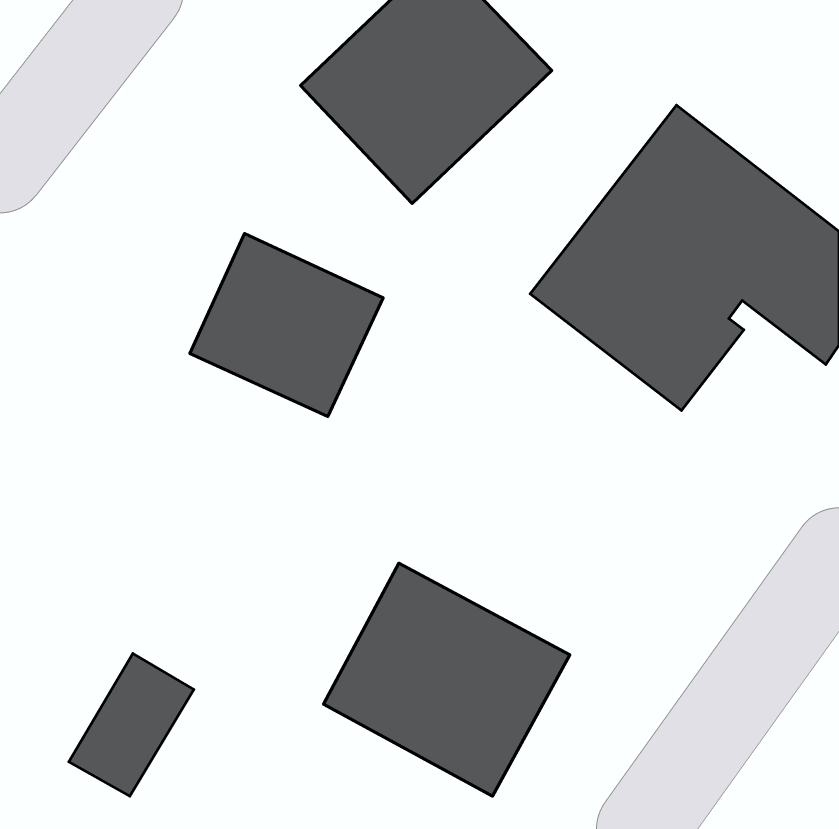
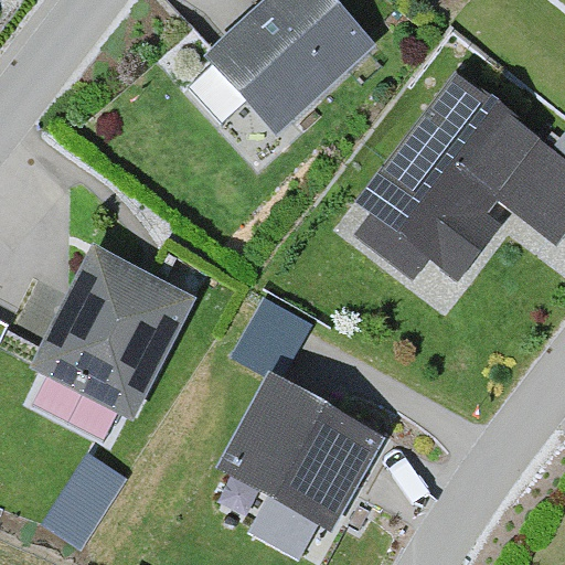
building: [190,234,383,417] -> none
building: none -> [30,246,195,418]

